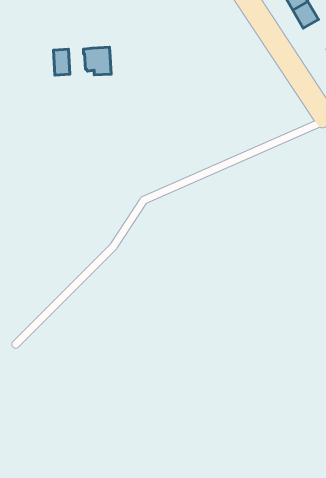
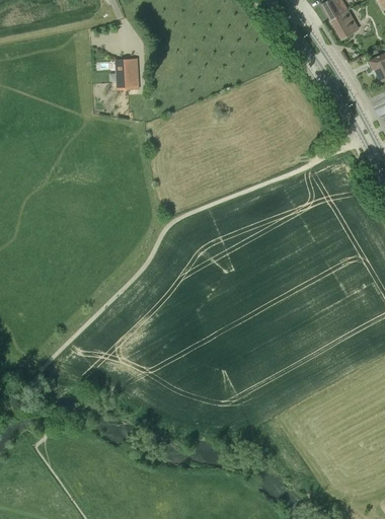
building: [53,49,70,75] -> none

